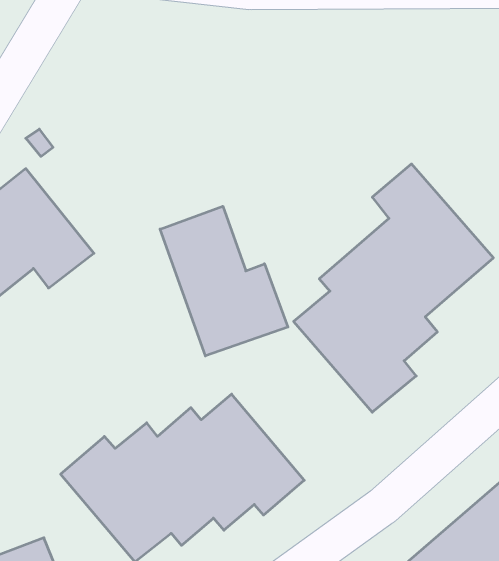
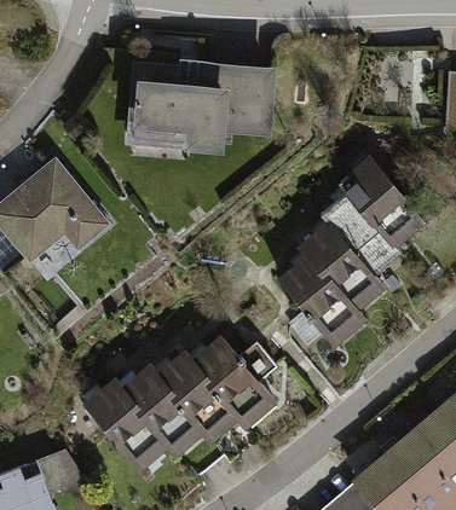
building: none -> [128,40,278,155]
building: [160,206,288,356] -> none

